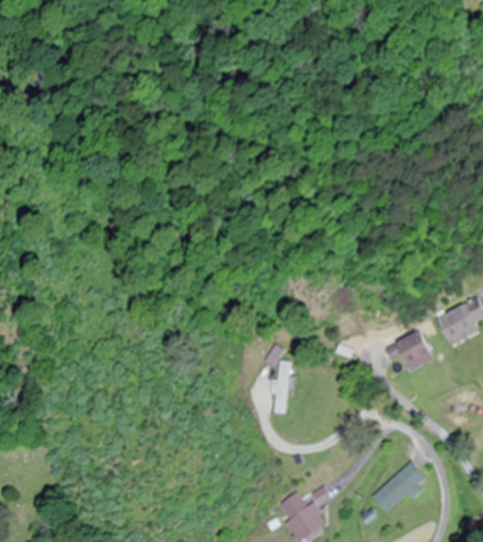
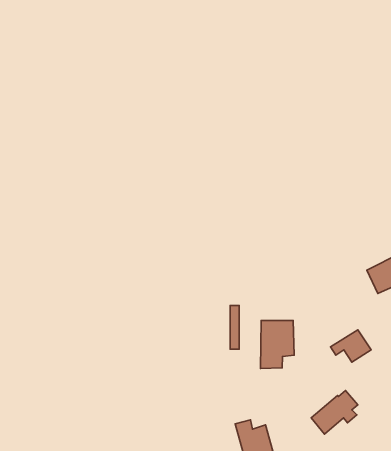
building: [385,330,432,368] -> [331,330,371,362]
building: none -> [260,321,294,369]

